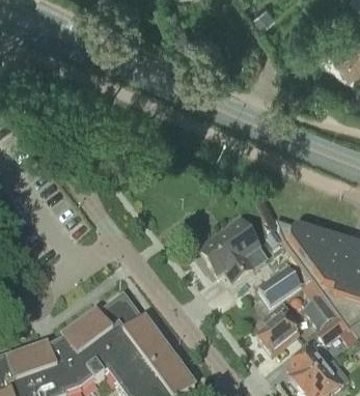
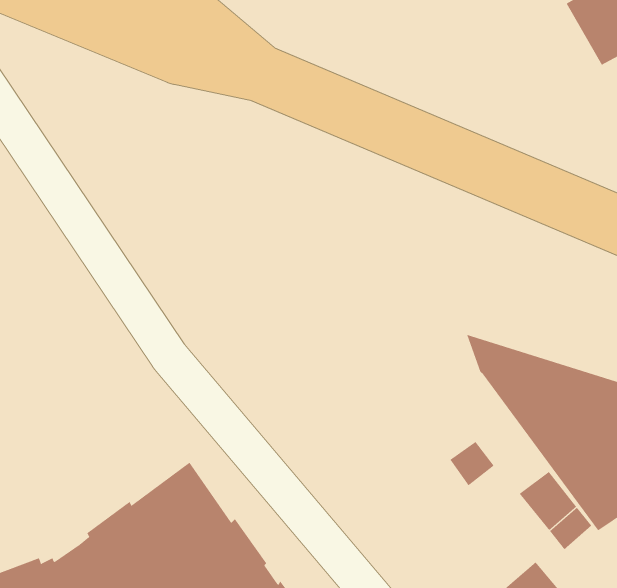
building: [199,222,260,283] -> none
building: [258,305,300,357] -> none

